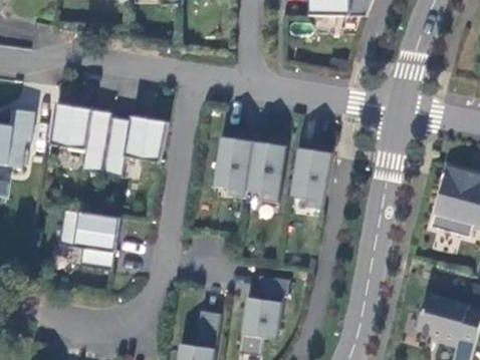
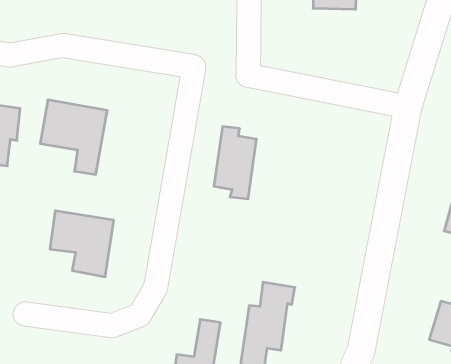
building: [102,116,169,177] -> none
building: [247,135,289,203] -> none
building: [290,141,334,209] -> none

